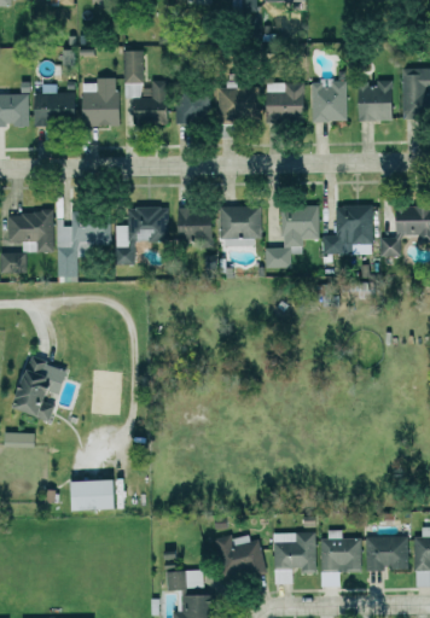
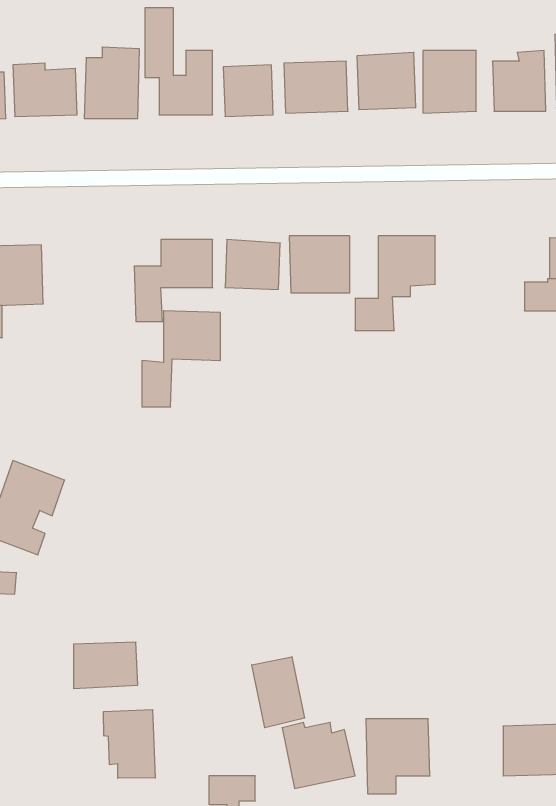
building: [321,205,373,255] -> none
building: [57,211,110,276] -> [142,311,220,407]
building: none -> [252,657,305,728]
building: none -> [104,710,155,778]
building: [318,530,361,571] -> none

